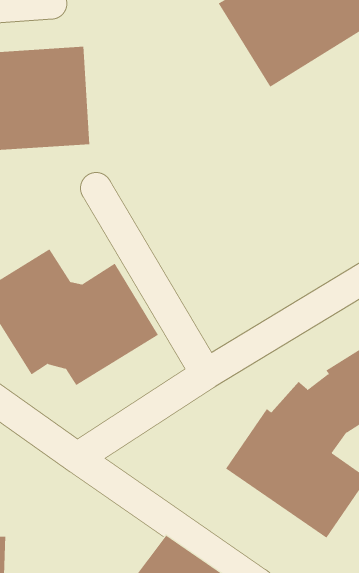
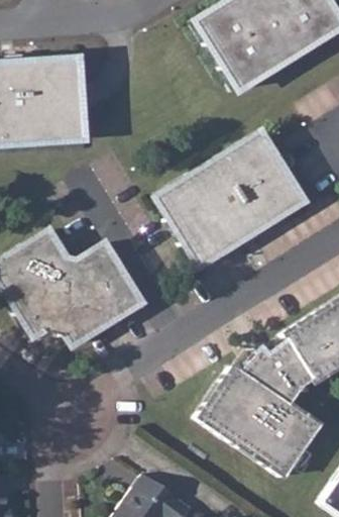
building: none -> [158,129,309,267]

